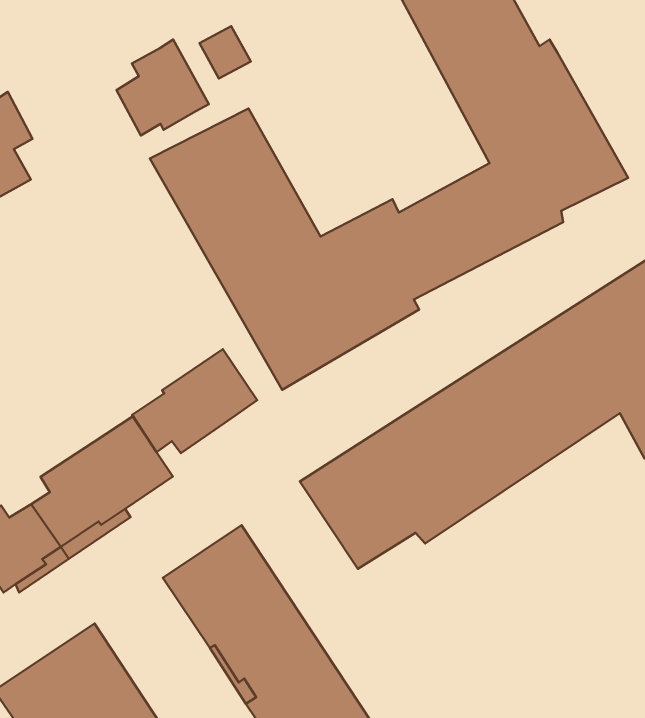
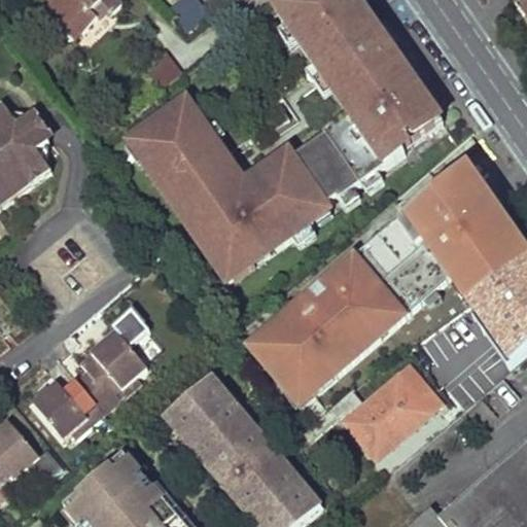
building: [116,40,209,135] -> none
building: [132,349,257,453] -> none
building: none -> [303,372,442,456]

